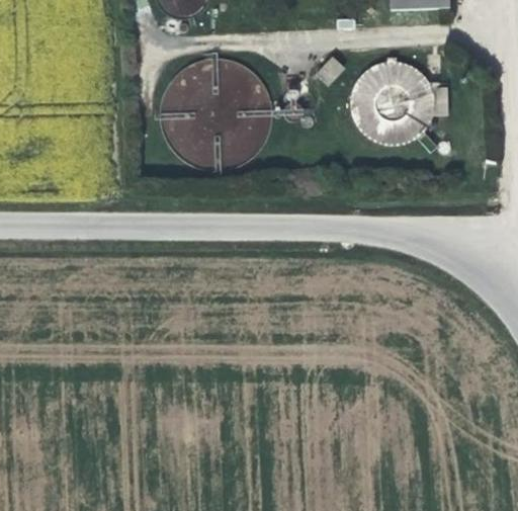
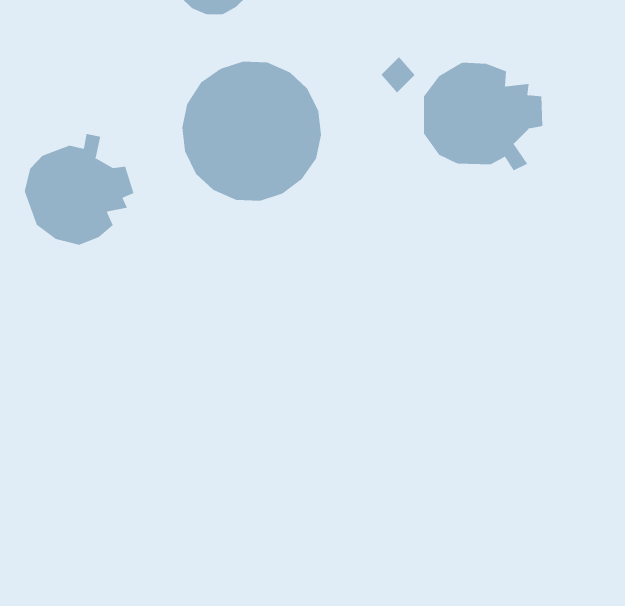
building: none -> [24,133,134,246]

